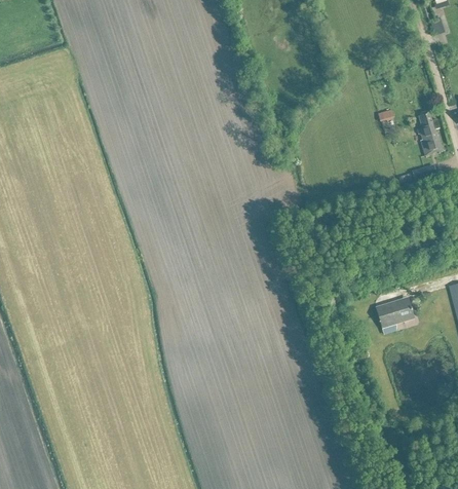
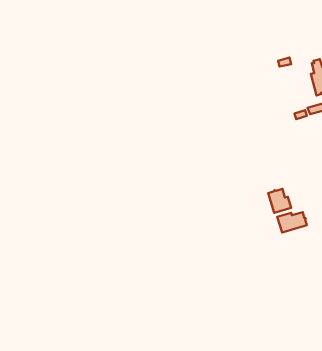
building: none -> [268,189,291,213]

